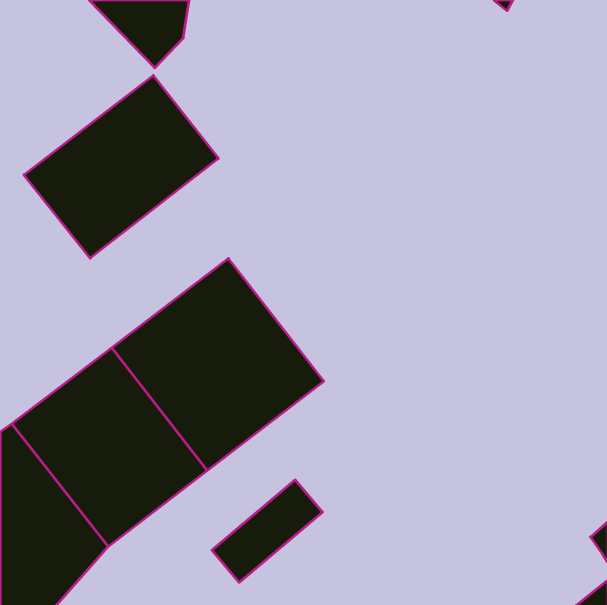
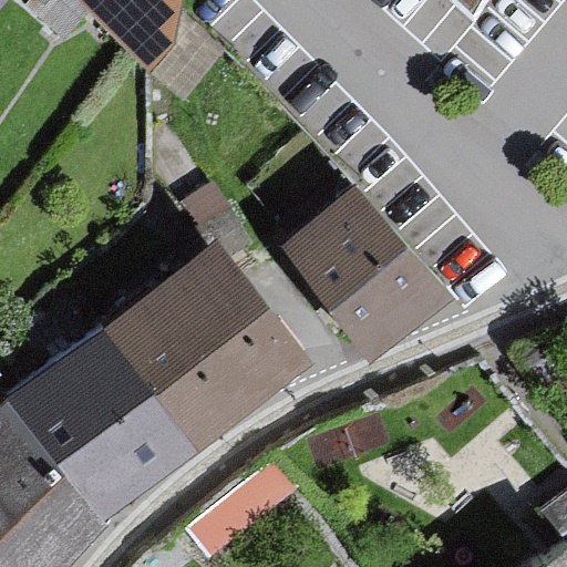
building: [24,75,218,258] -> none
building: none -> [289,188,440,344]

